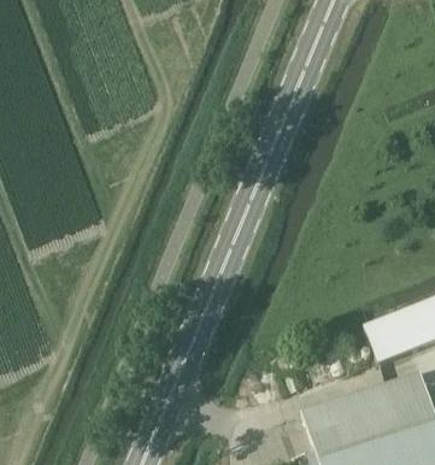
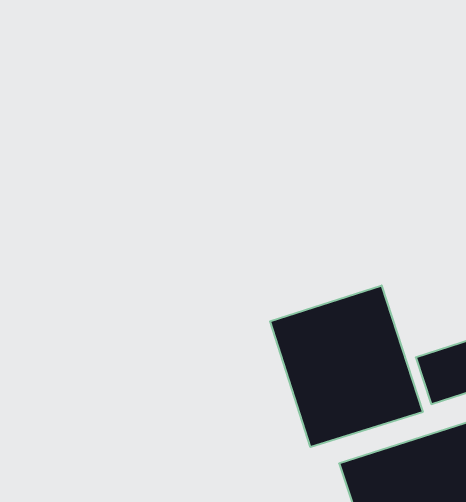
building: none -> [270,285,423,447]

